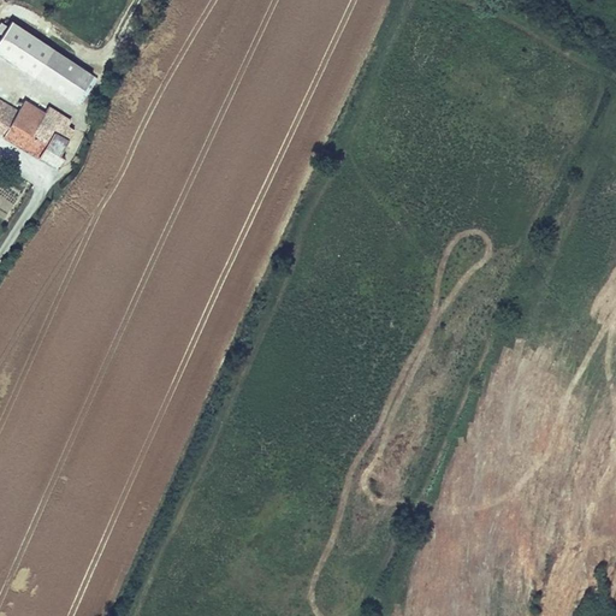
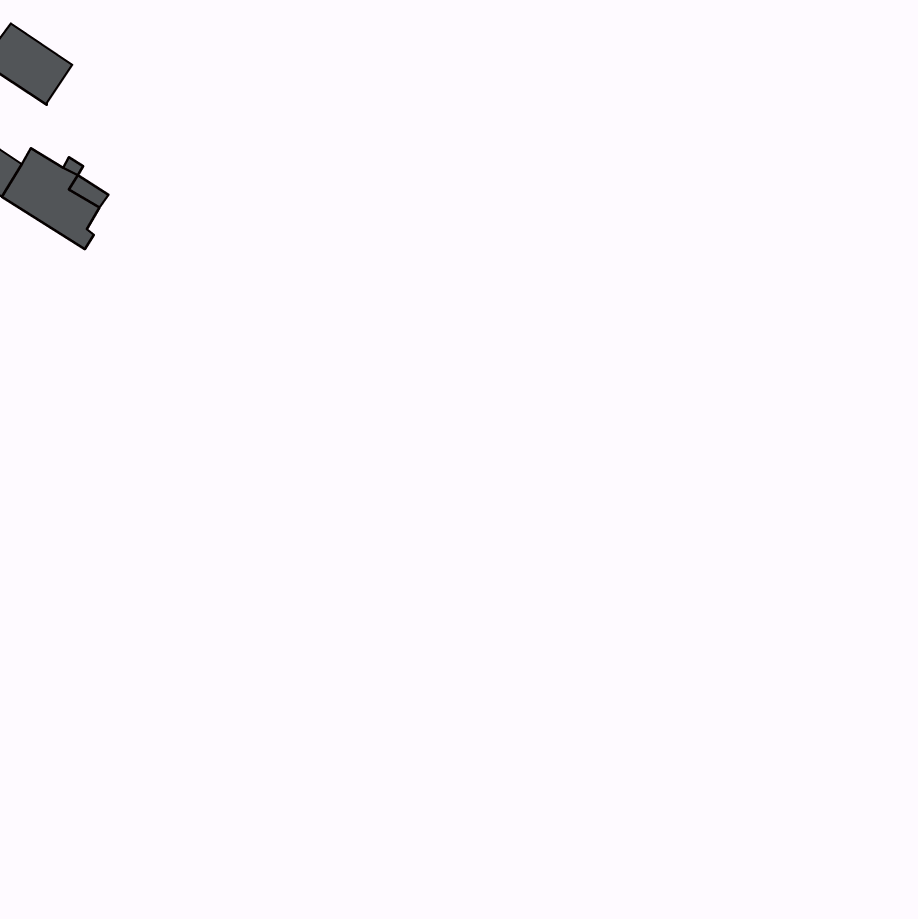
building: [31,46,95,102] -> none

